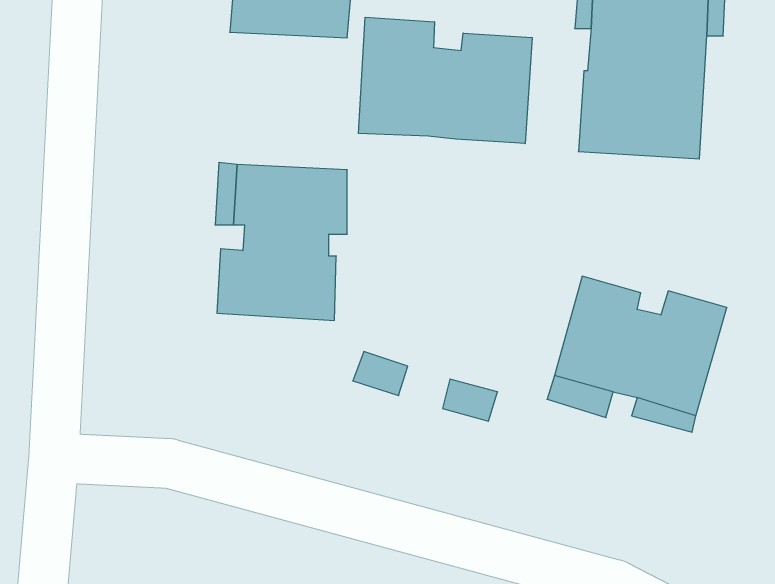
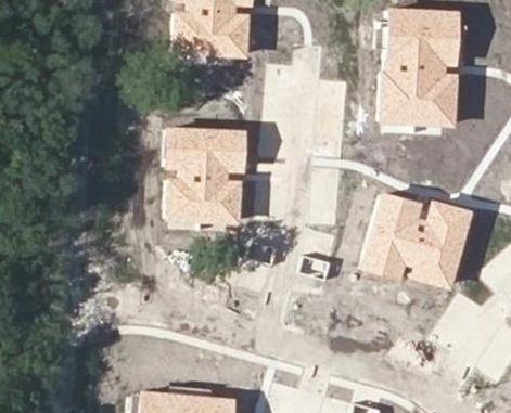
building: [359,17,532,144] -> none

